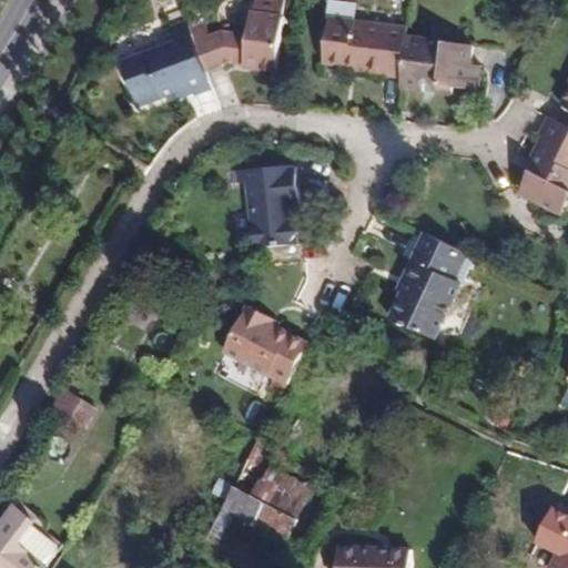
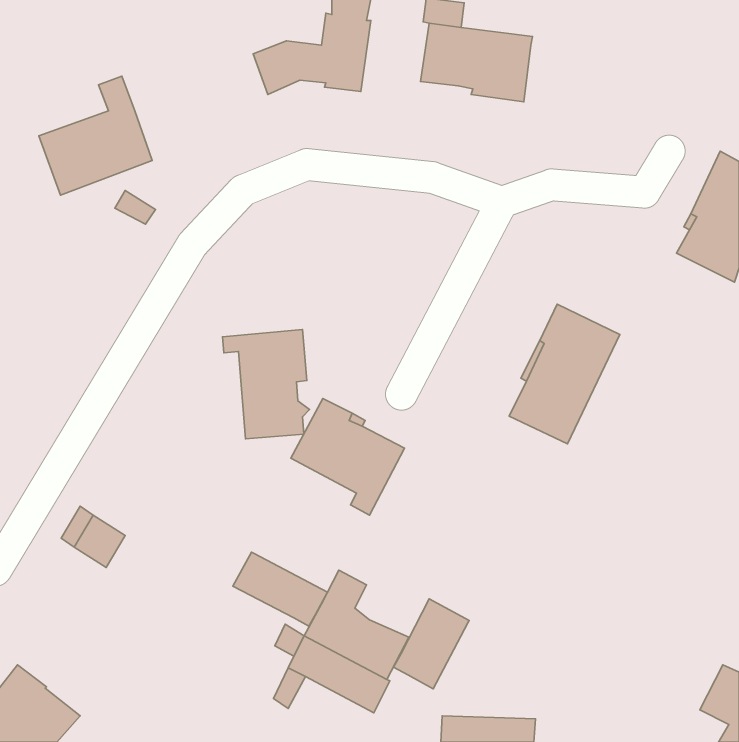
building: [120,14,206,105] -> [39,76,152,195]
building: [398,34,478,94] -> none
building: [234,164,301,247] -> [222,330,310,439]
building: none -> [233,552,328,626]
building: none -> [393,599,469,689]

